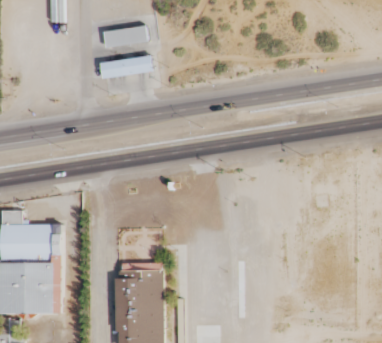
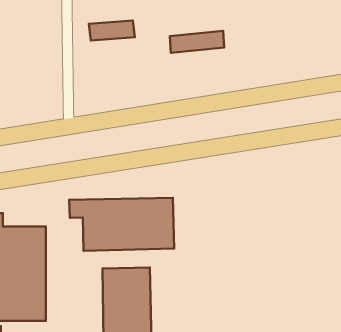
building: [99,56,151,77] -> [170,31,224,53]
building: none -> [69,198,174,251]

